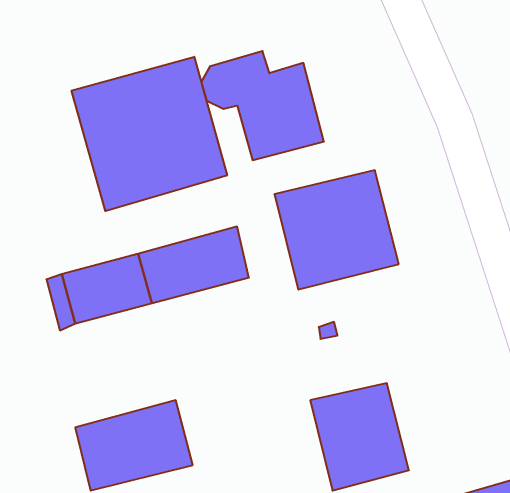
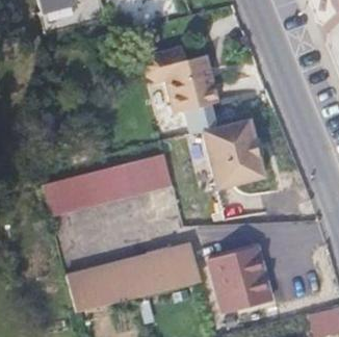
building: [72,57,227,211] -> none
building: none -> [127,244,198,299]

